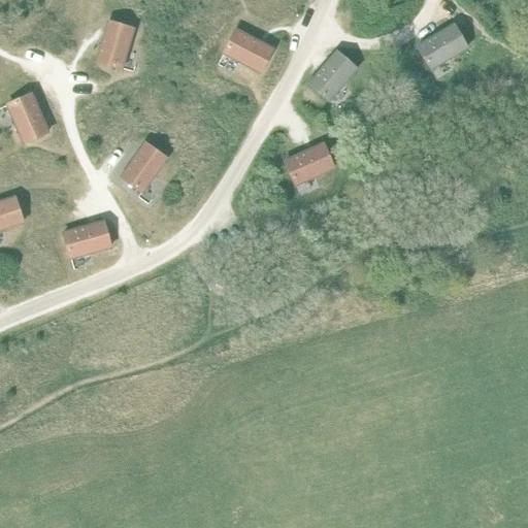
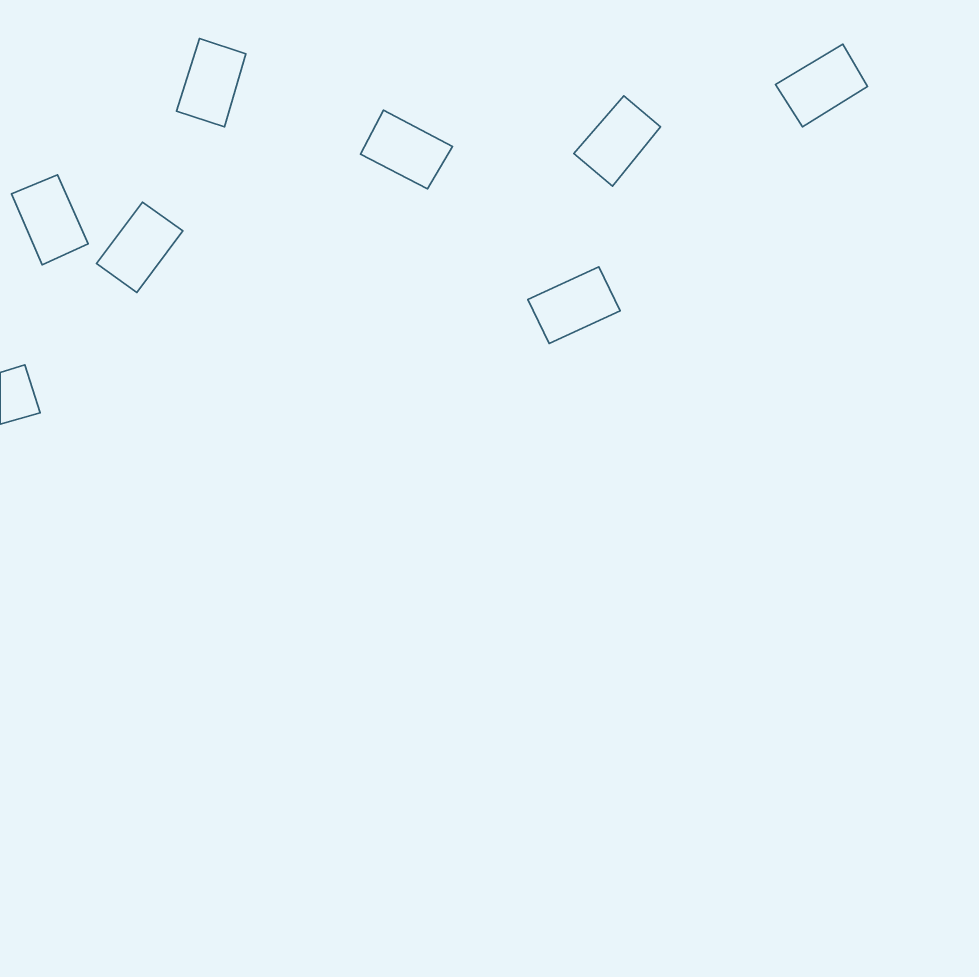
building: [224,29,273,71] -> [360,110,453,189]
building: [121,142,167,191] -> [96,202,183,292]
building: [64,221,110,258] -> none

